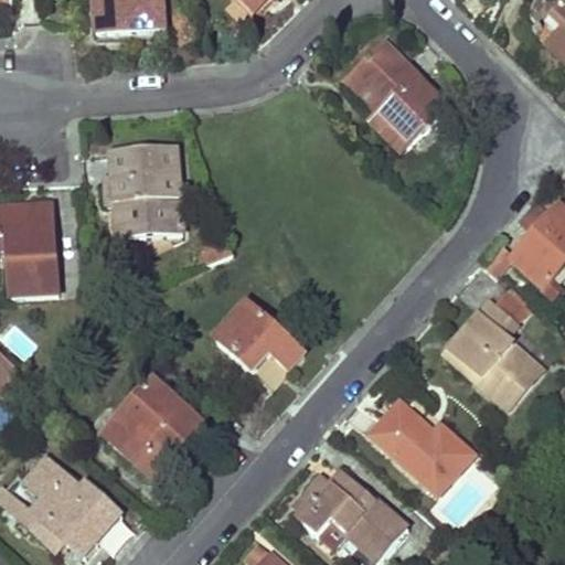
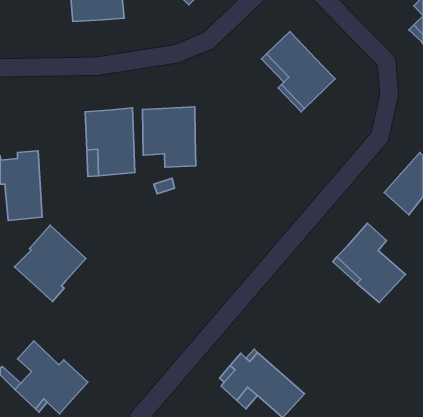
building: none -> [143,107,196,167]
building: [215,300,303,369] -> none
building: [106,376,201,478] -> [14,225,86,302]
building: [372,399,473,491] -> none

